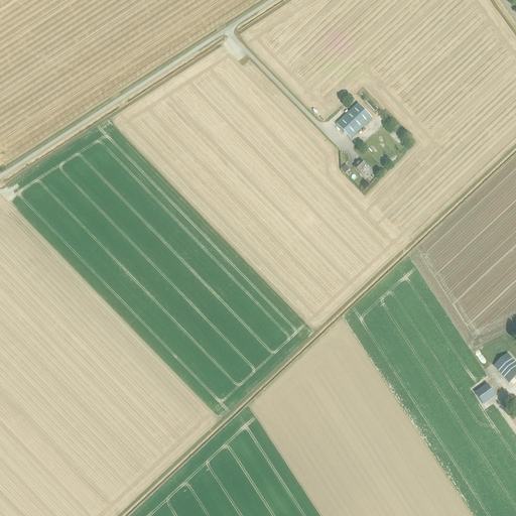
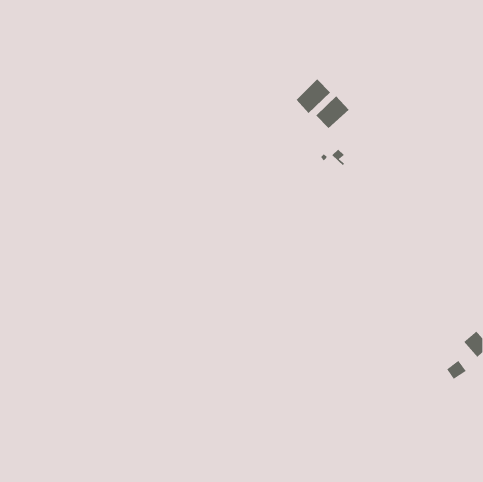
building: none -> [296,79,331,114]

